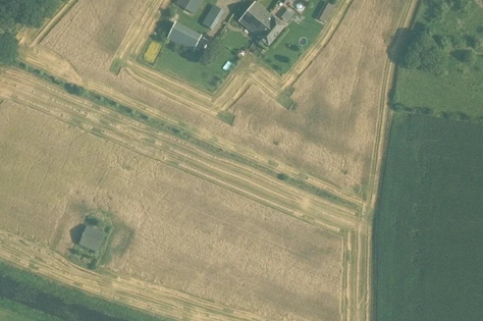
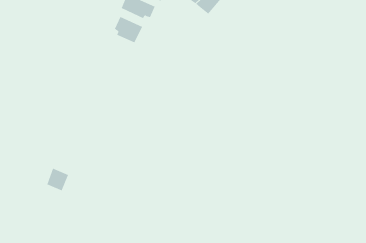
building: none -> [114,16,143,43]

